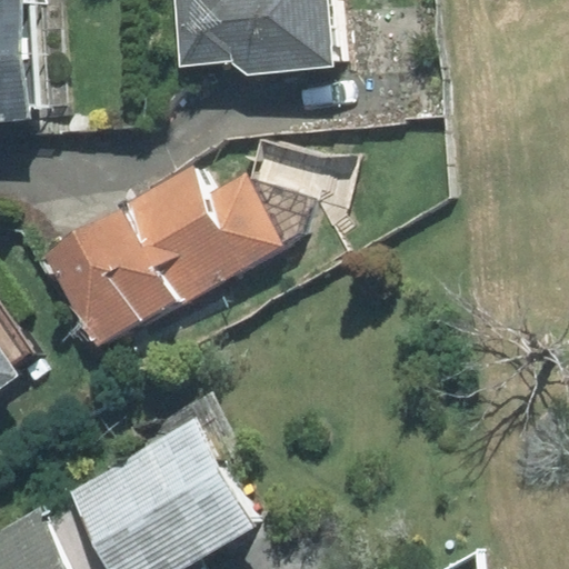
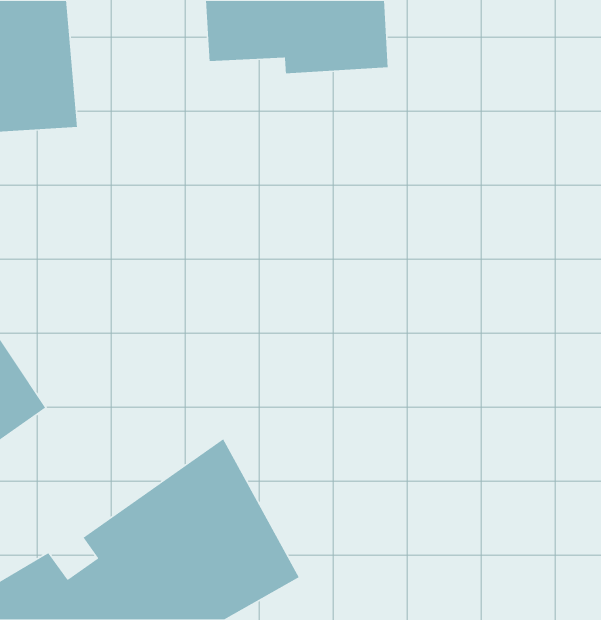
building: [50,154,293,351] -> none

